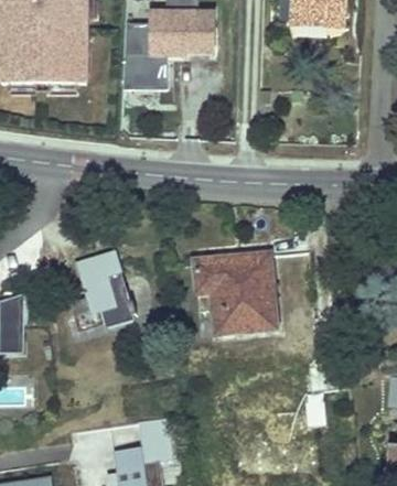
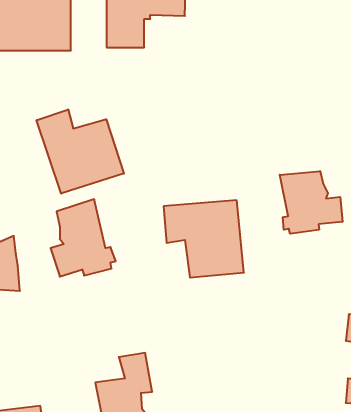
building: none -> [37,109,124,194]
building: none -> [280,171,342,234]

